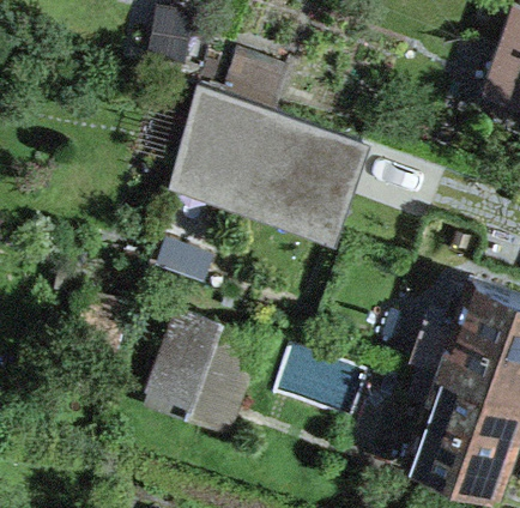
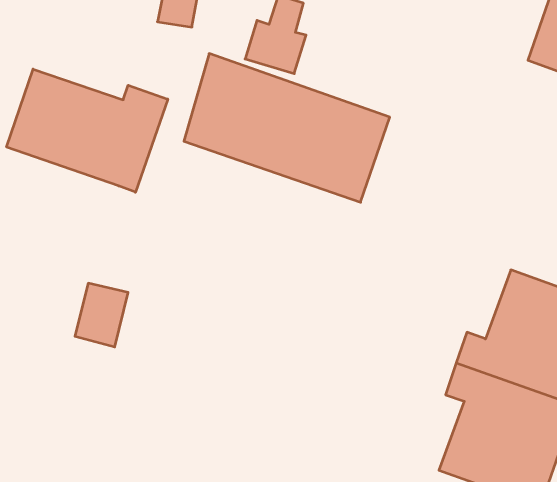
building: none -> [7,69,168,192]
building: [149,321,256,434] -> none

